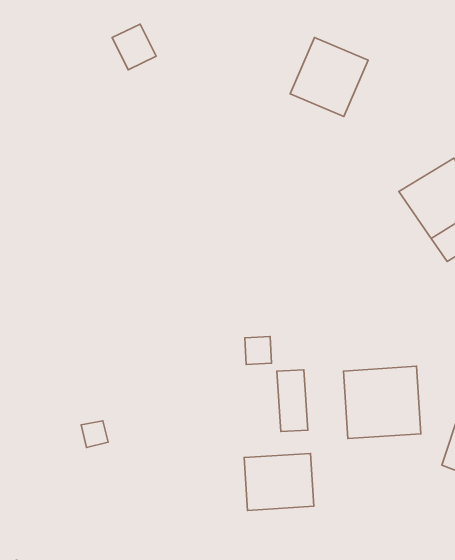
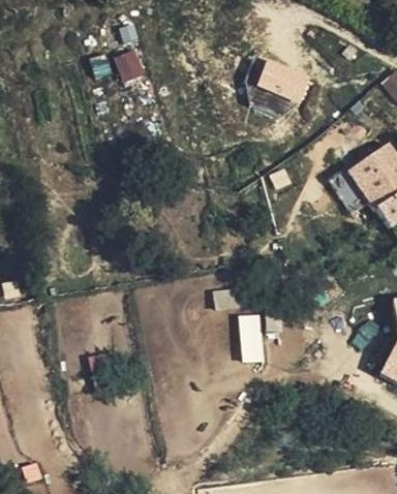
building: [343,366,421,439] -> none
building: [244,453,314,510] -> none

